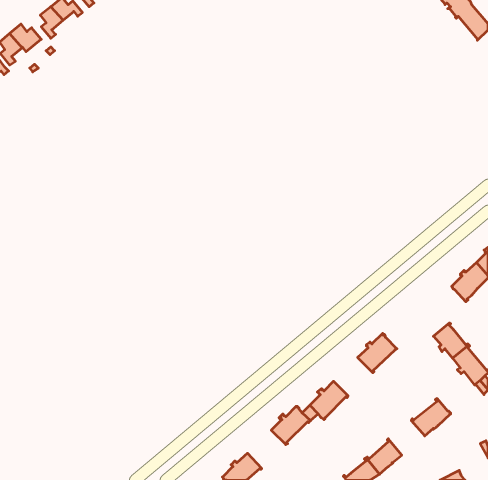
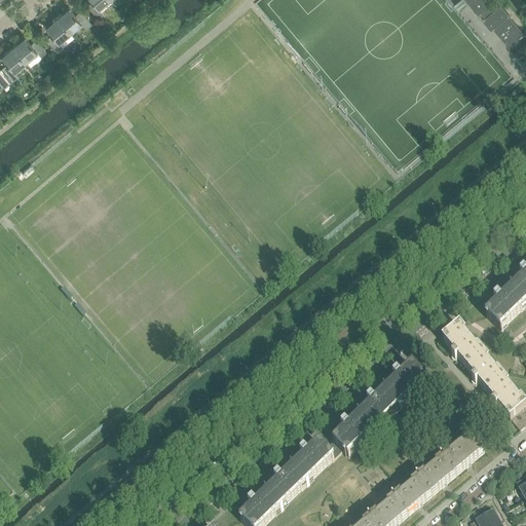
building: none -> [441,317,482,361]
building: none -> [358,383,400,424]
building: none -> [416,451,455,488]
building: none -> [265,461,306,502]

